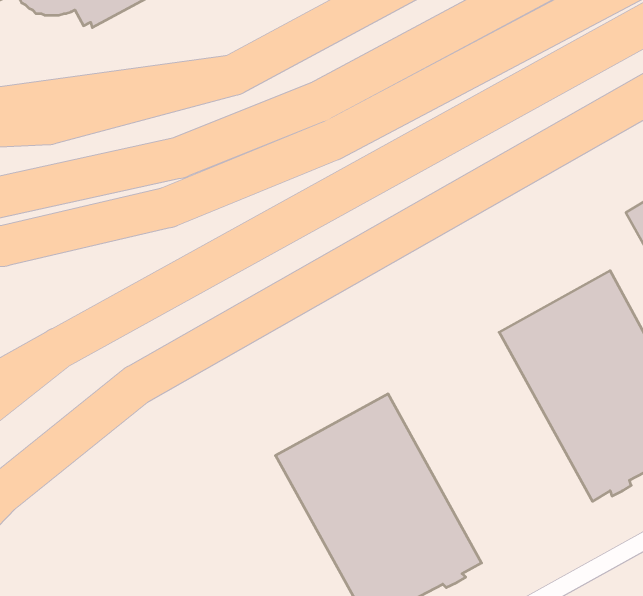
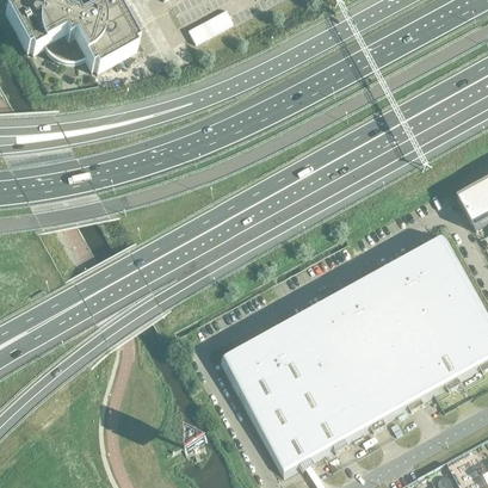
building: none -> [296,273,434,430]

